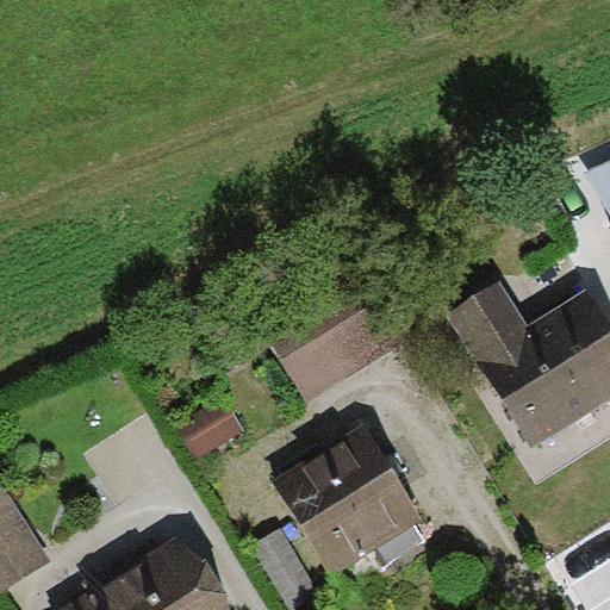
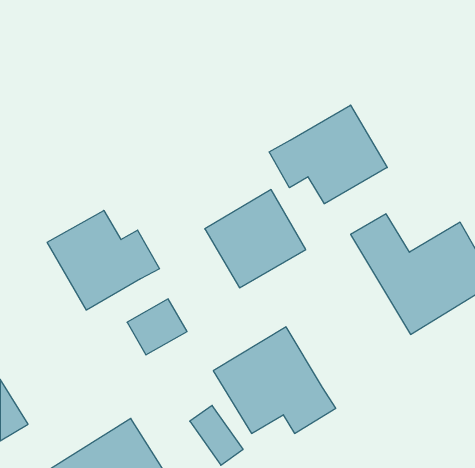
building: none -> [269,105,387,204]
building: none -> [47,210,159,310]

